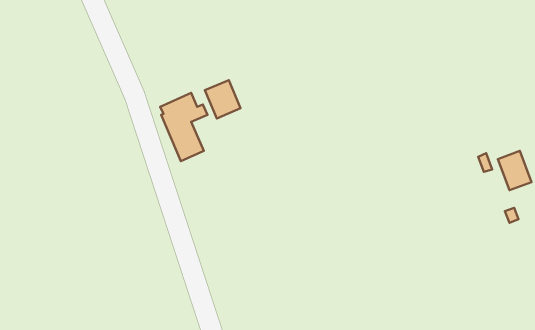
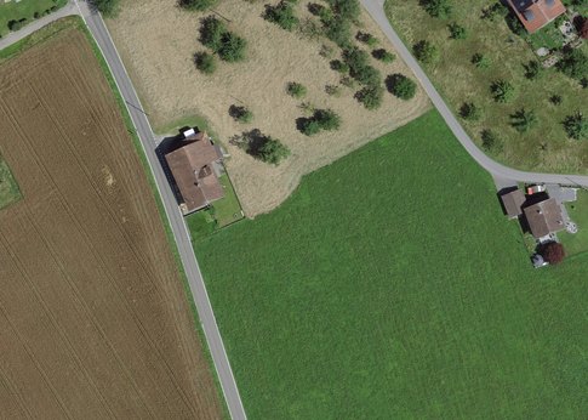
building: [205,80,241,118] -> none

